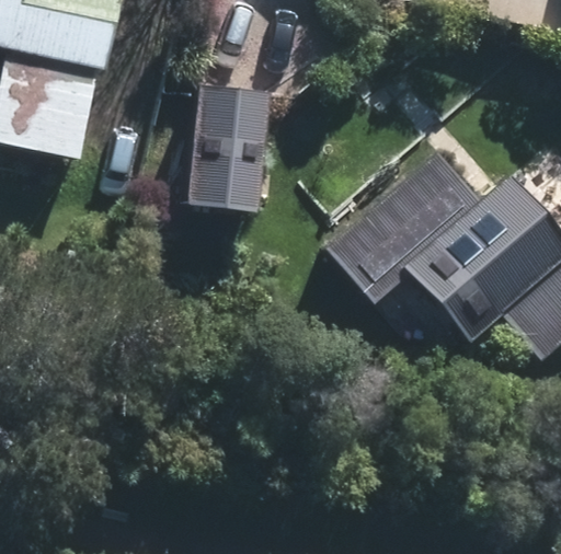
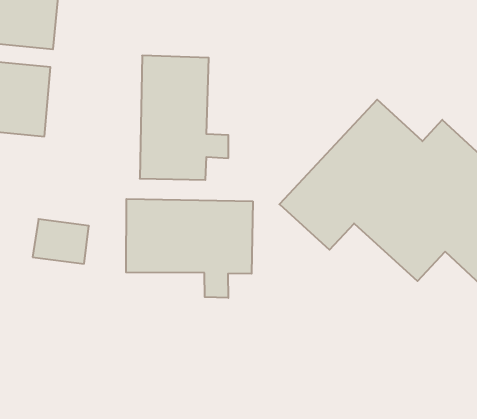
building: none -> [126,199,253,298]

